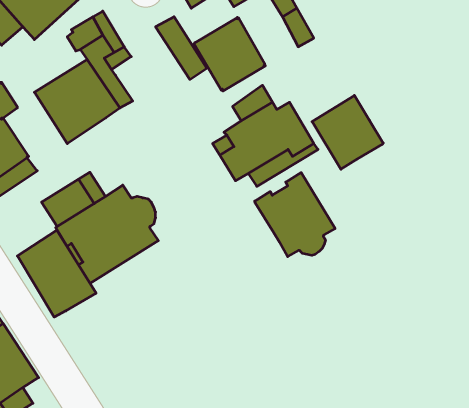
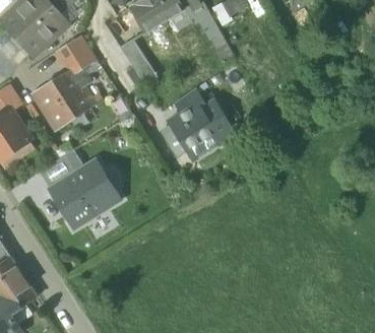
building: [194,17,265,91] -> none
building: [312,95,383,169] -> none
building: [255,173,335,257] -> none
building: [17,230,96,317] -> none

